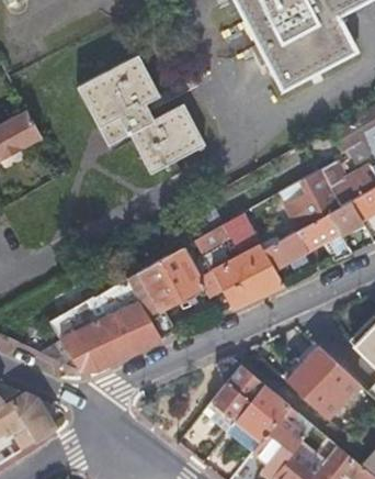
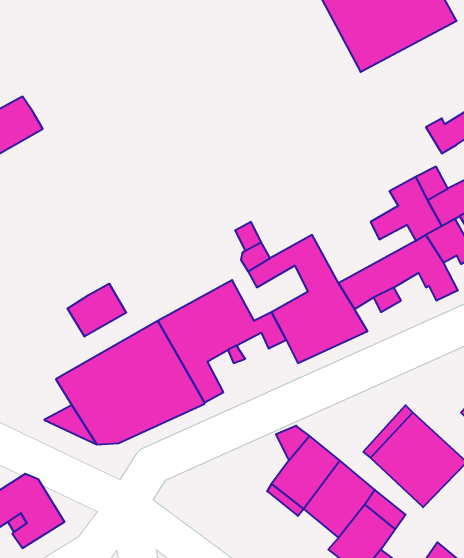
building: [73,57,202,176] -> none
building: none -> [67,284,126,337]

